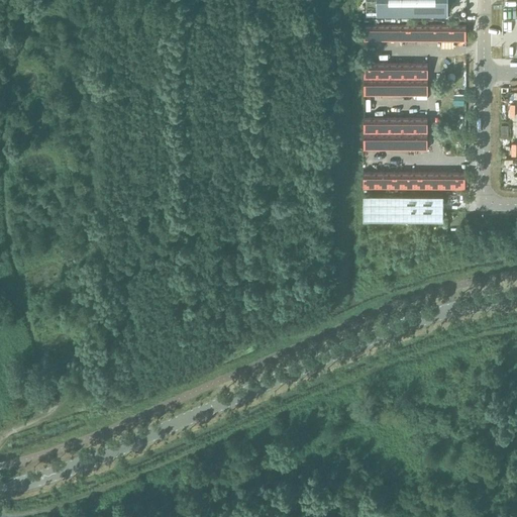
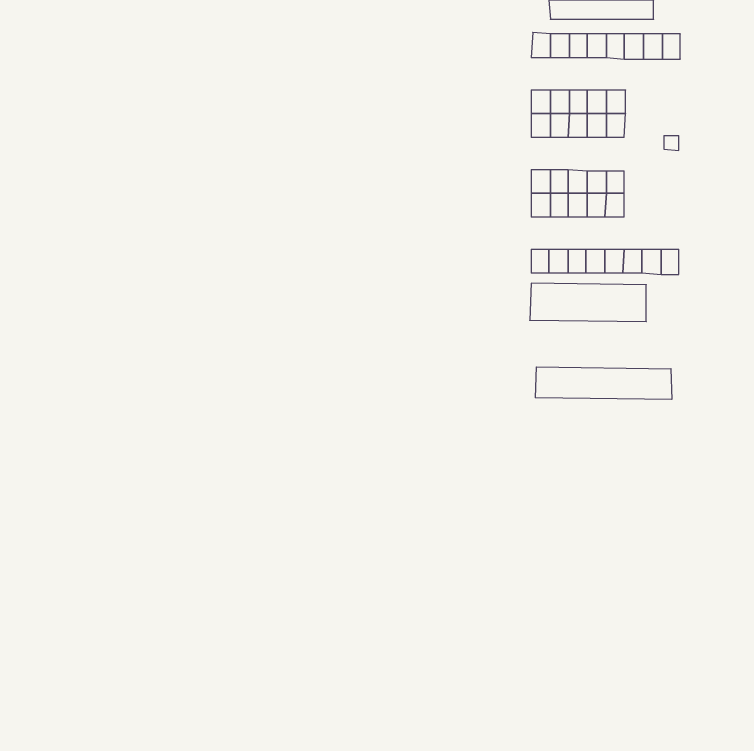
building: none -> [535,367,672,399]

